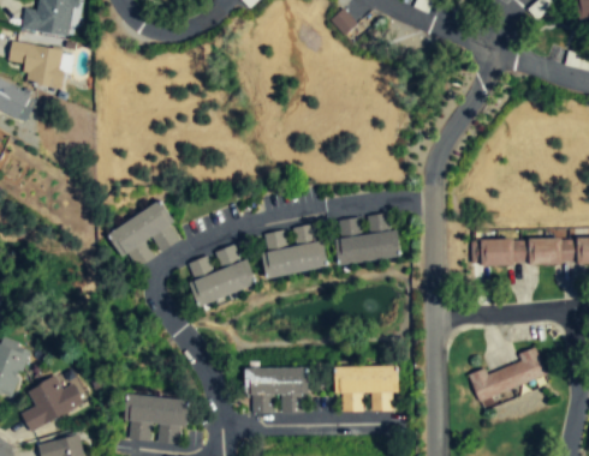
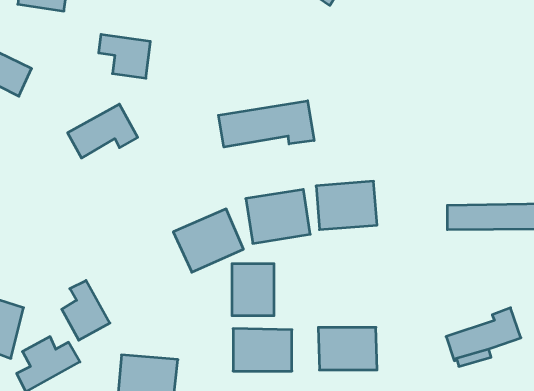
building: [8,42,63,88] -> [99,34,150,78]
building: none -> [218,101,314,147]
building: [106,203,179,259] -> [68,104,138,158]
building: none -> [232,264,274,316]
building: none -> [62,280,110,340]

